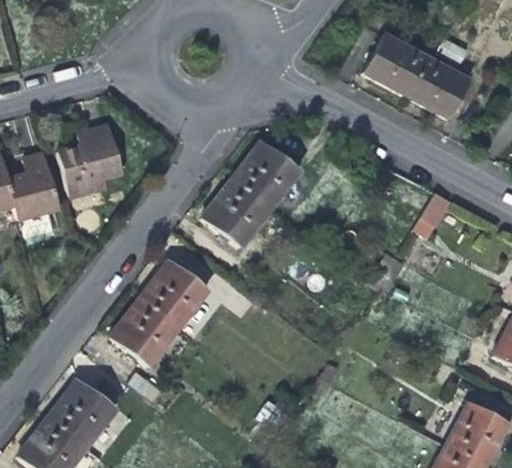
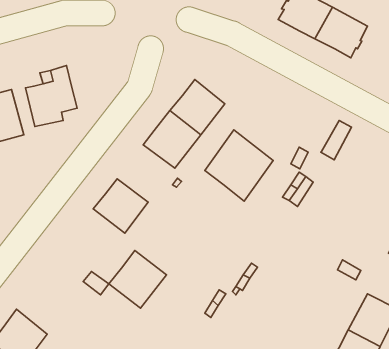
building: none -> [205,130,273,201]
building: [110,297,179,366] -> [109,251,167,308]
building: [49,380,115,447] -> none

